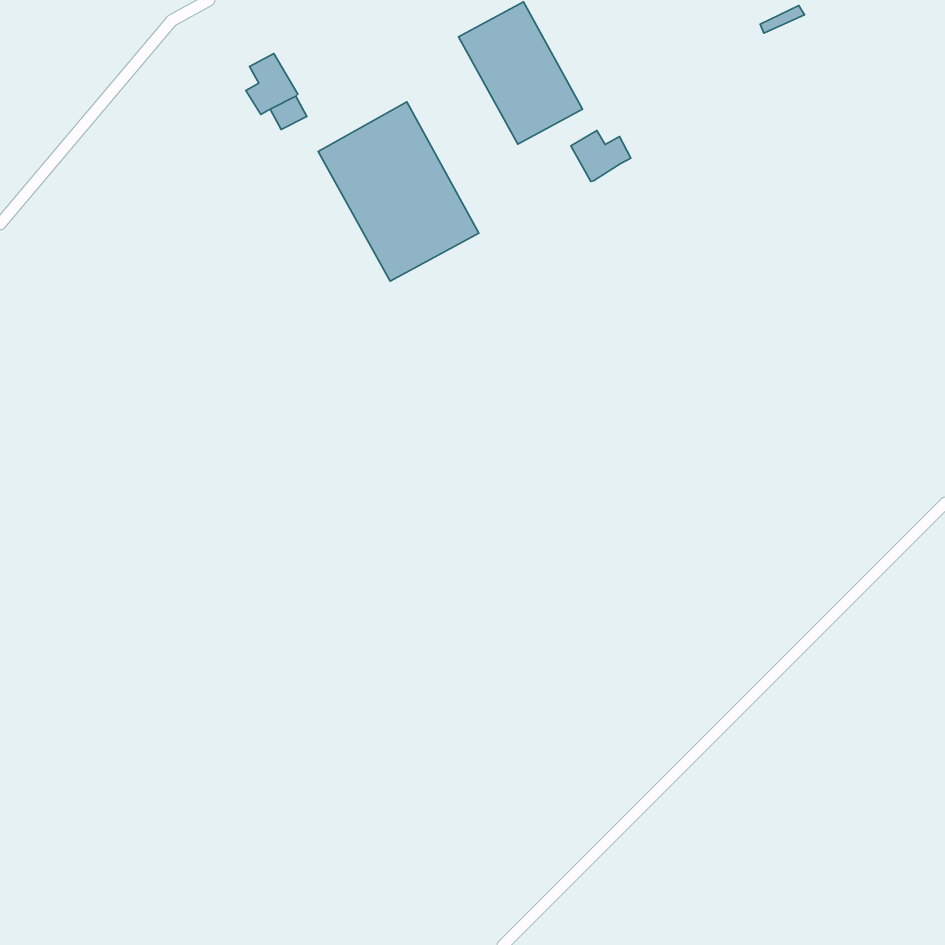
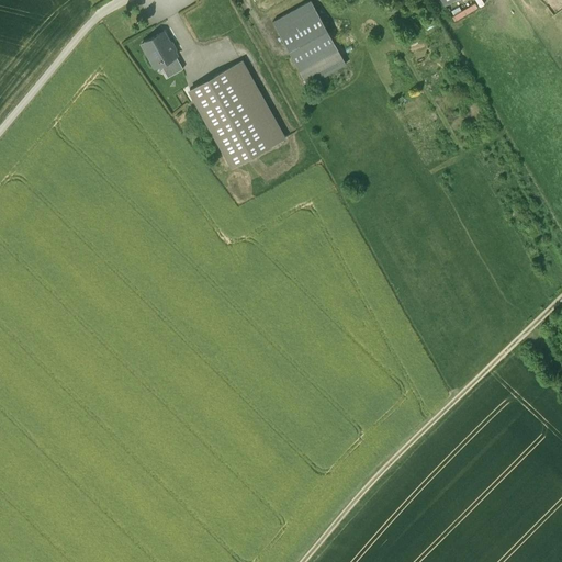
building: [571,130,631,182] -> none

